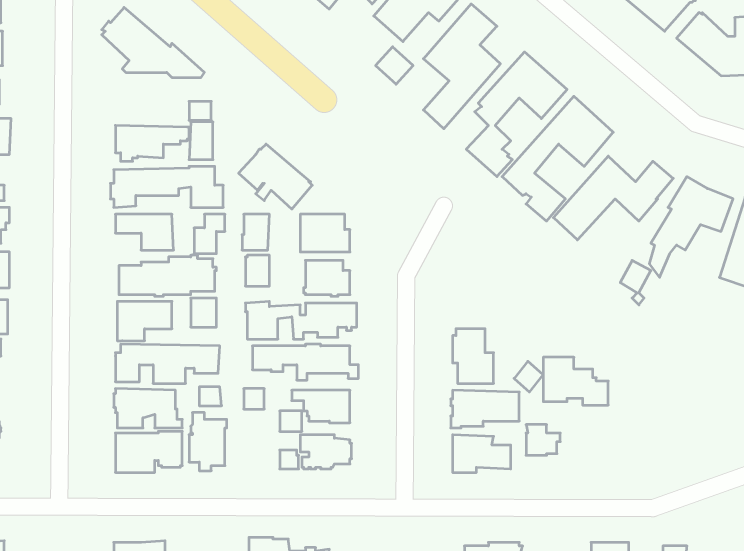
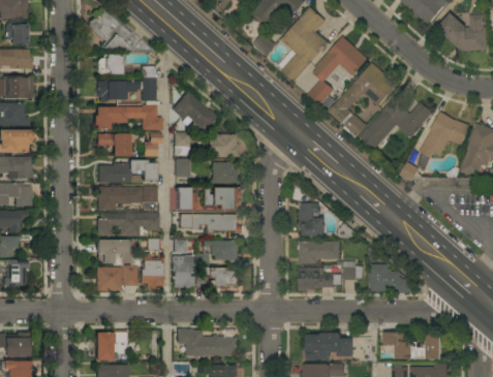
building: none -> [96,55,123,74]
building: [543,357,608,405] -> [371,264,410,293]
building: none -> [172,256,193,287]

